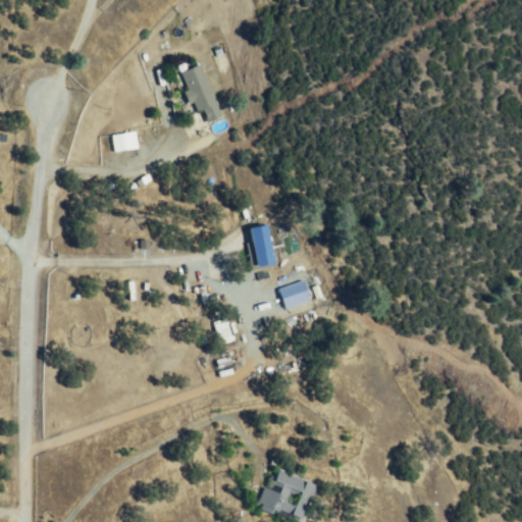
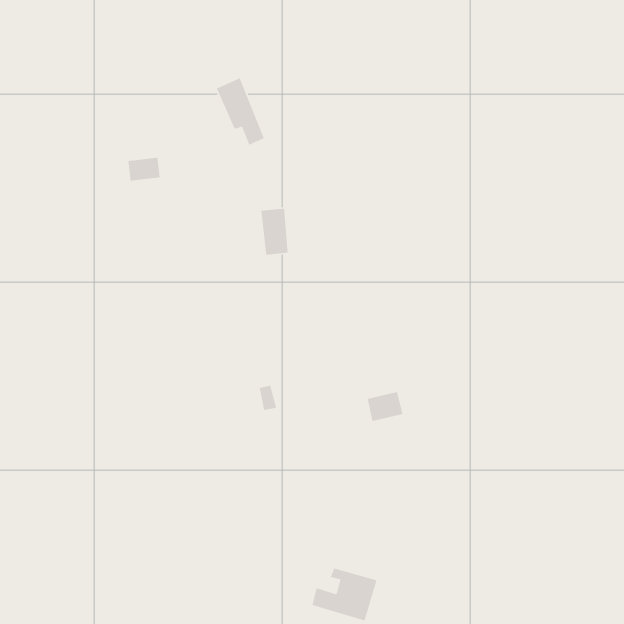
building: [251,226,274,266] -> [260,208,289,256]
building: [276,281,307,307] -> [367,391,404,422]

